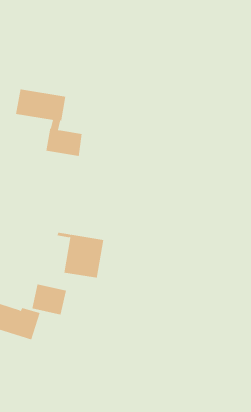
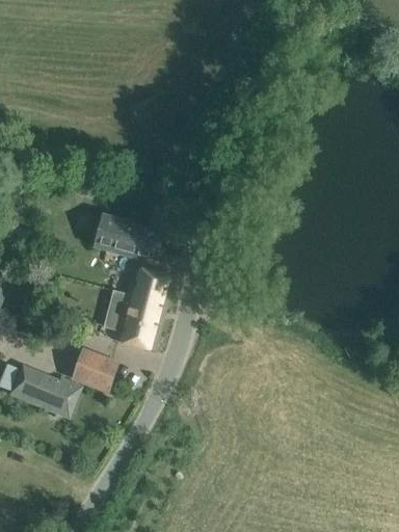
building: [15,89,83,156] -> [91,213,170,301]

